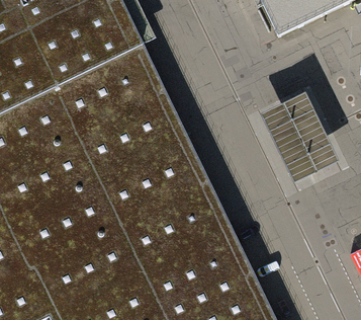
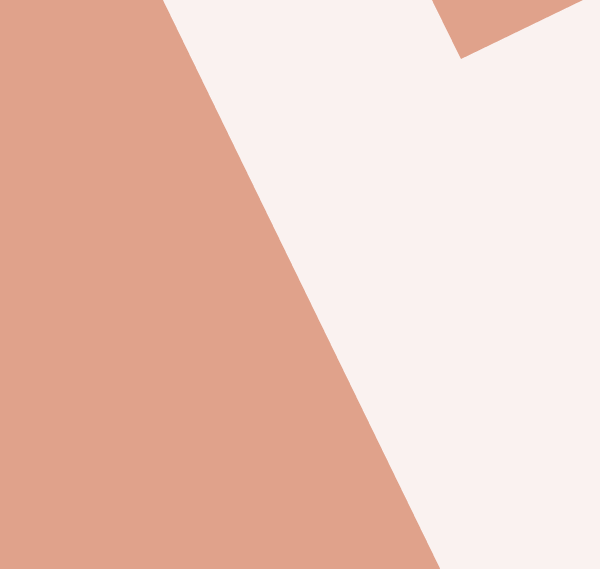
building: [261,90,340,181] -> none

